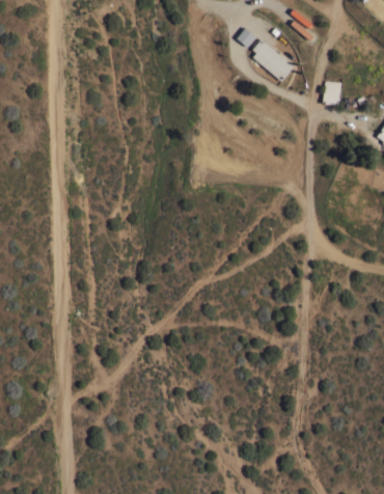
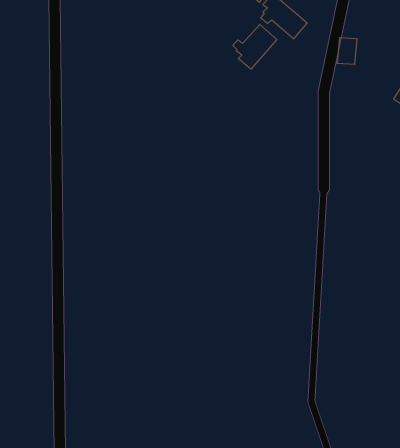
building: none -> [233,24,277,69]

